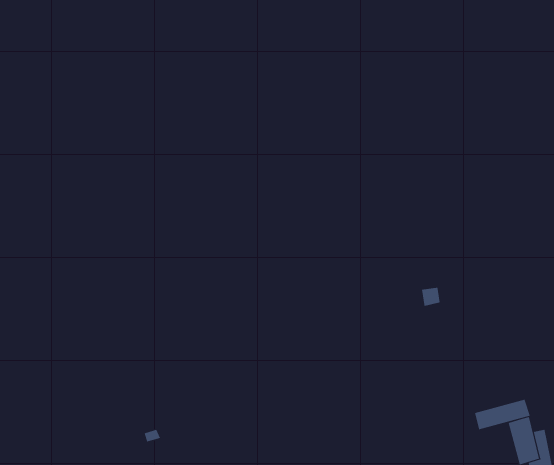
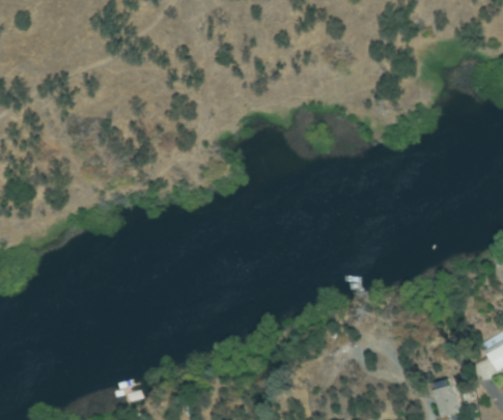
building: [474,399,530,430] -> none

